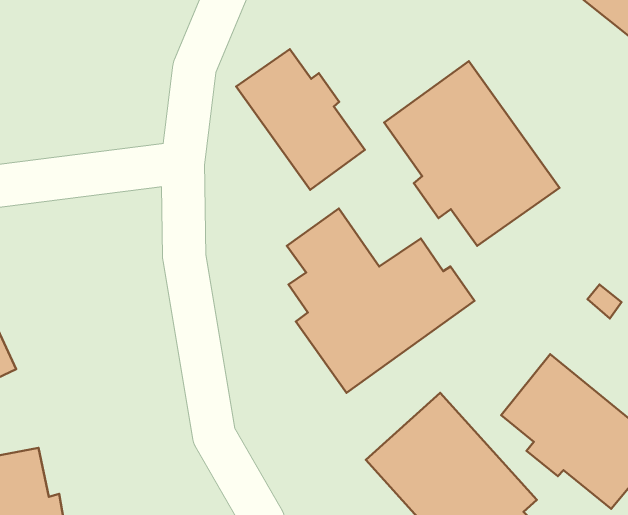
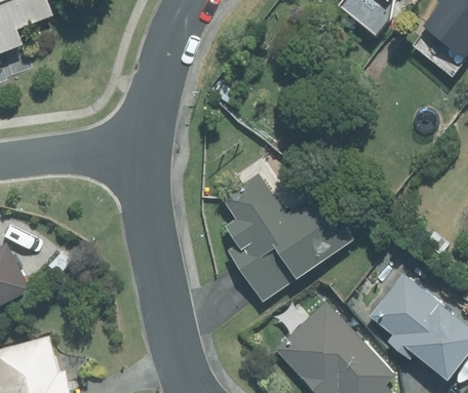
building: [236,49,365,190] -> none
building: [384,61,560,246] -> none

